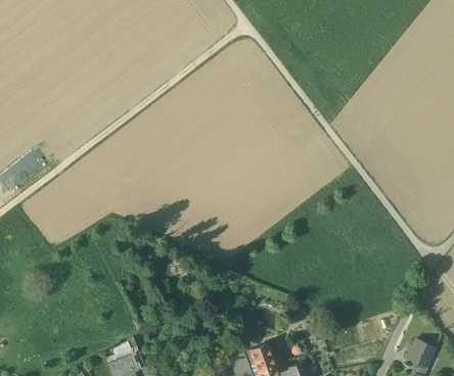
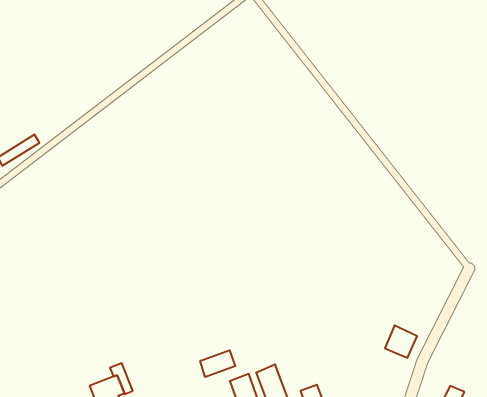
building: none -> [200,350,235,377]
building: [407,338,435,366] -> [385,325,417,358]

